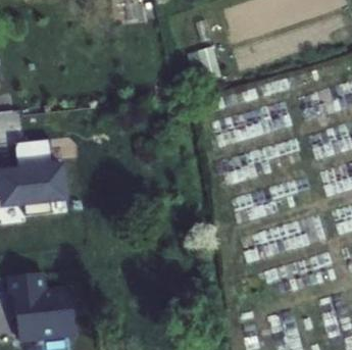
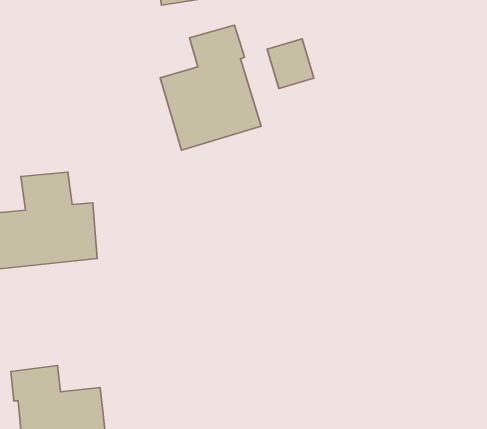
building: none -> [160,25,261,150]

